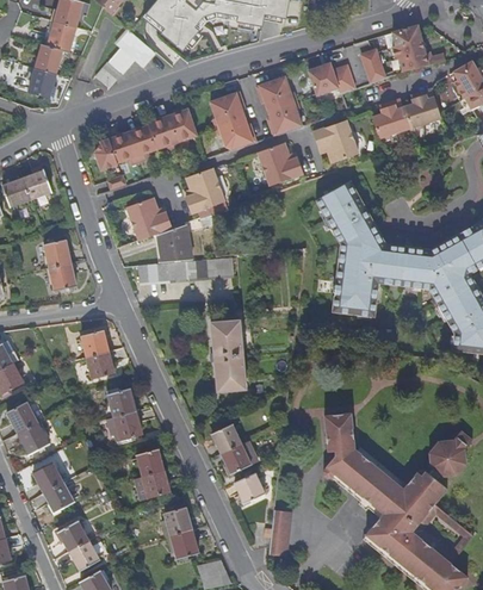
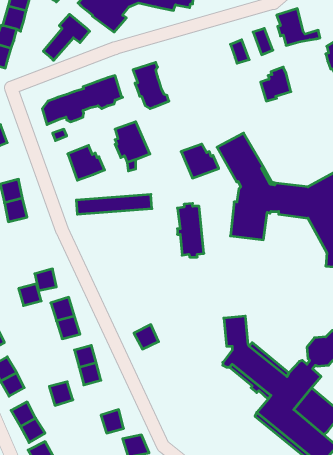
building: [308,62,339,93] -> none
building: [255,76,303,135] -> none
building: [403,87,439,132] -> none
building: [314,118,361,162] -> none
building: [259,142,306,185] -> [181,144,219,178]
building: [160,223,191,261] -> none
building: [212,322,246,390] -> [177,203,204,257]
building: [80,331,109,359] -> [19,284,41,306]
building: [222,441,259,474] -> none
building: [235,472,266,504] -> none
building: [162,508,192,538] -> [49,382,73,405]
building: [268,509,292,555] -> none

